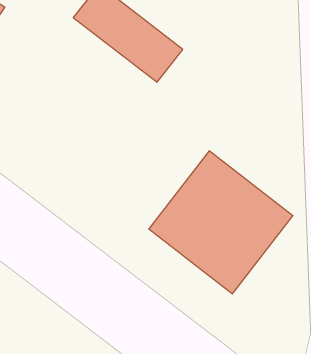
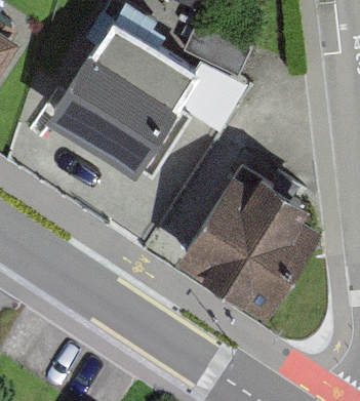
building: none -> [45,50,178,176]

